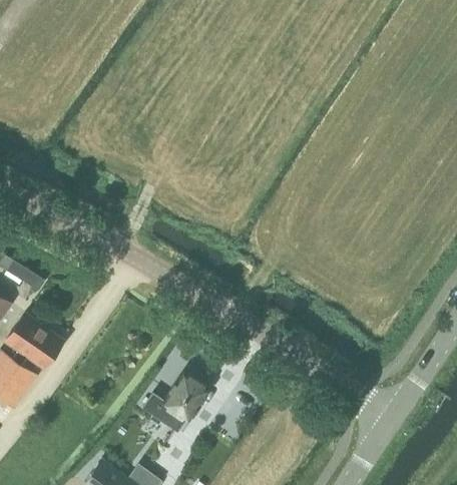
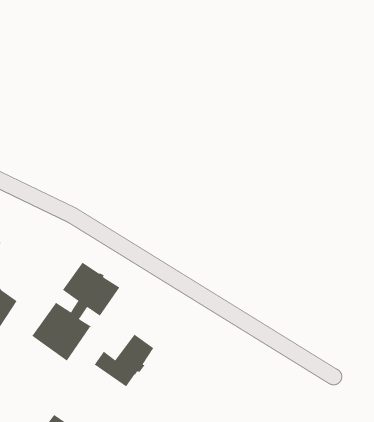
building: none -> [32,262,120,361]

